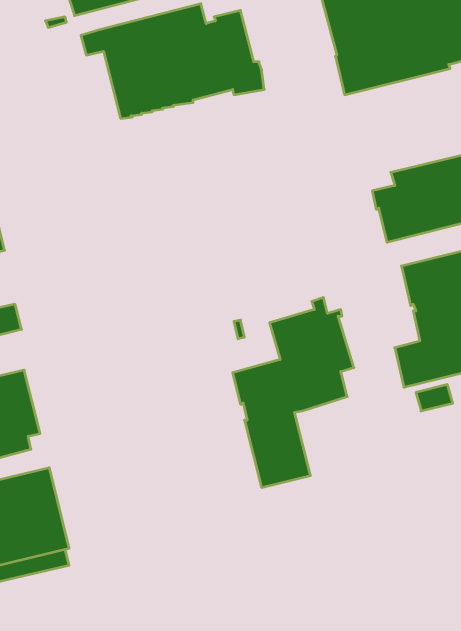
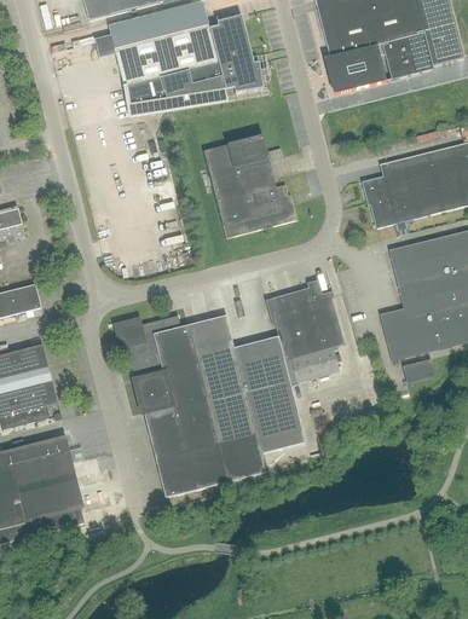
building: none -> [203,134,296,237]
building: none -> [120,314,265,497]

